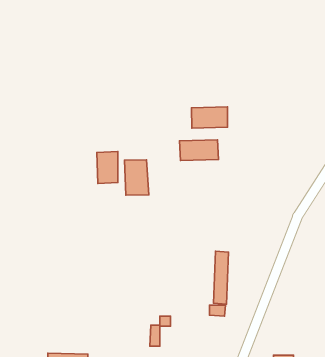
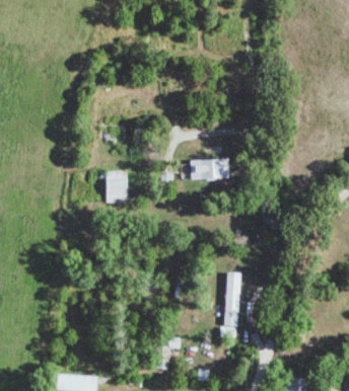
building: [192,107,227,128] -> none
building: [125,160,149,195] -> none

